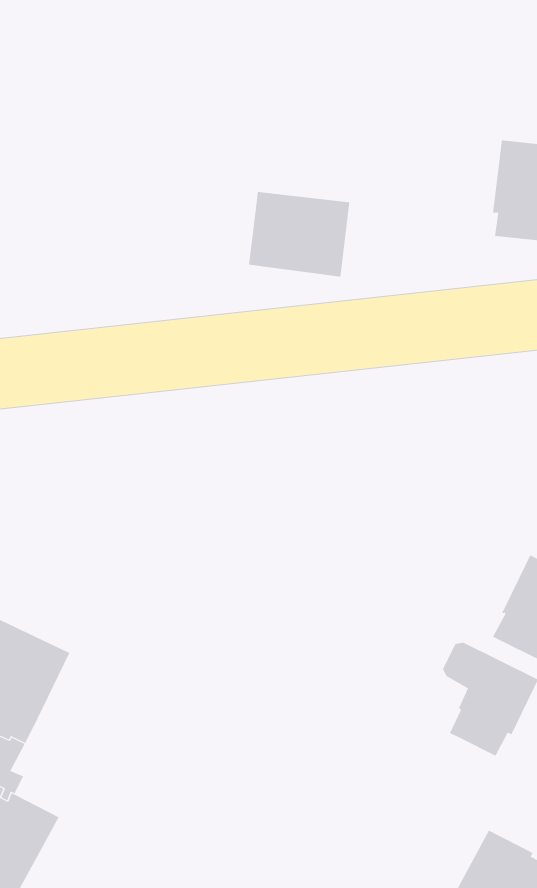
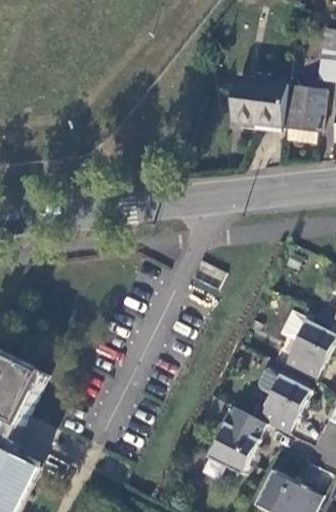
building: [248,191,350,277] -> [230,79,287,127]
building: none -> [207,406,266,472]

